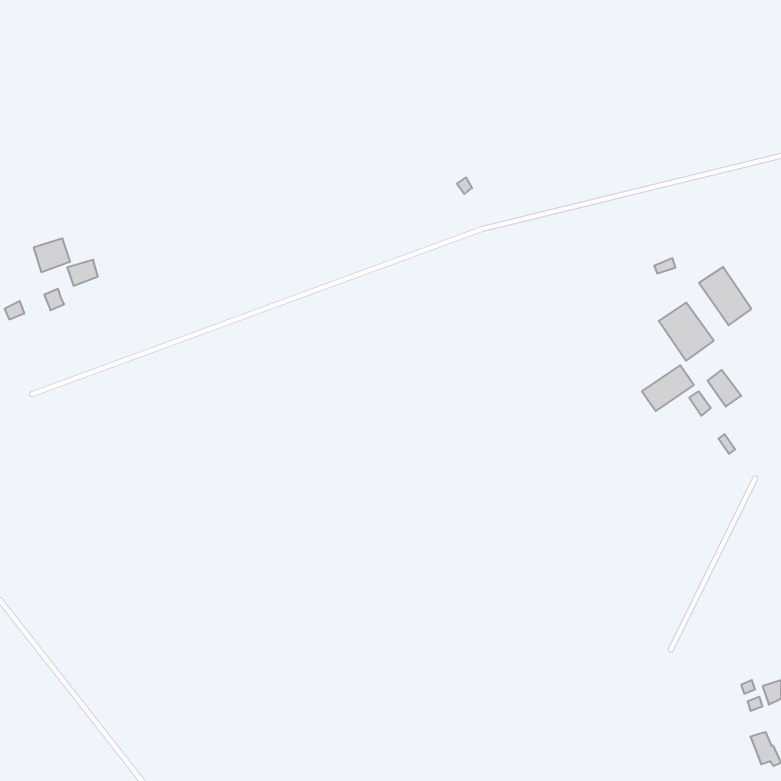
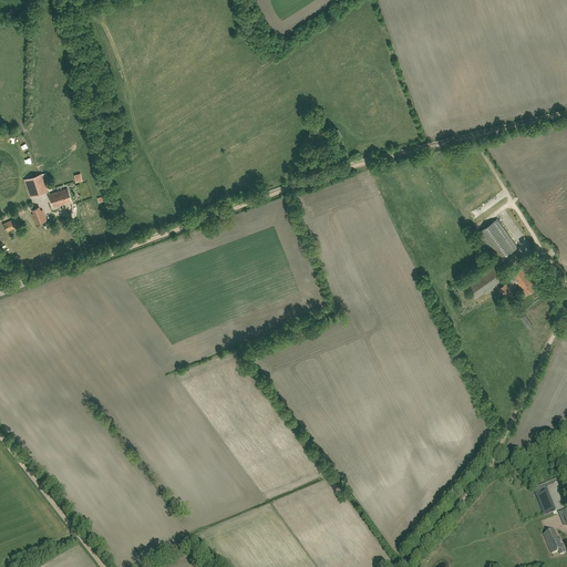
building: [699,267,751,325] -> none

